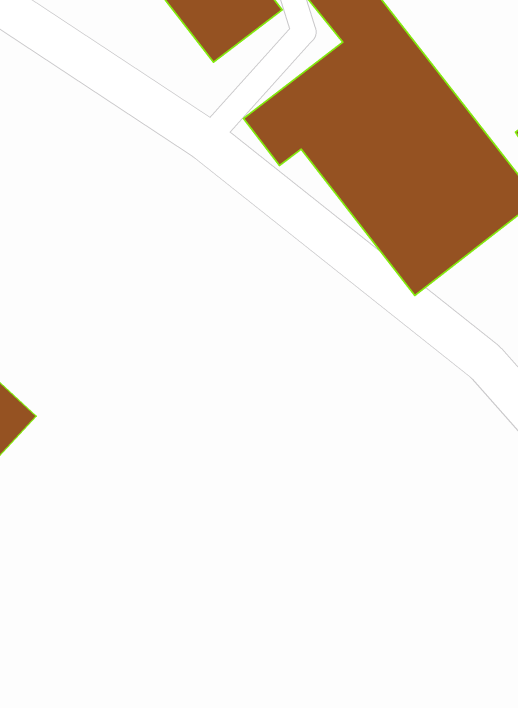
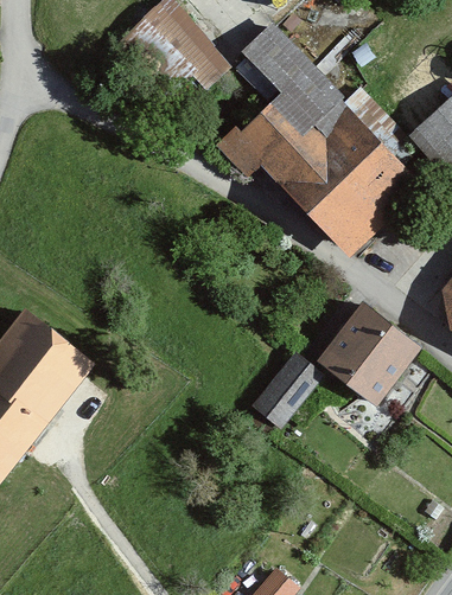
building: none -> [319,306,416,404]
building: none -> [250,354,318,427]

